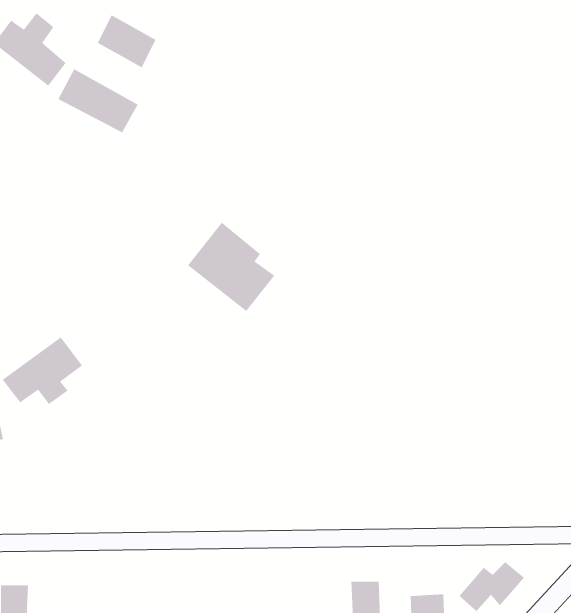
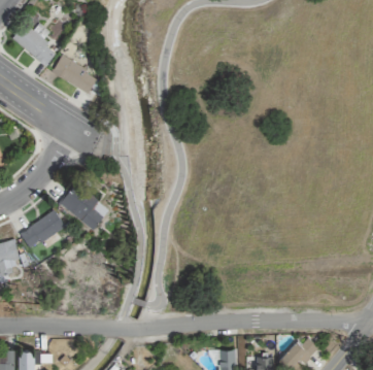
building: [97,15,156,68] -> none
building: [187,222,275,312] -> [58,178,108,230]

